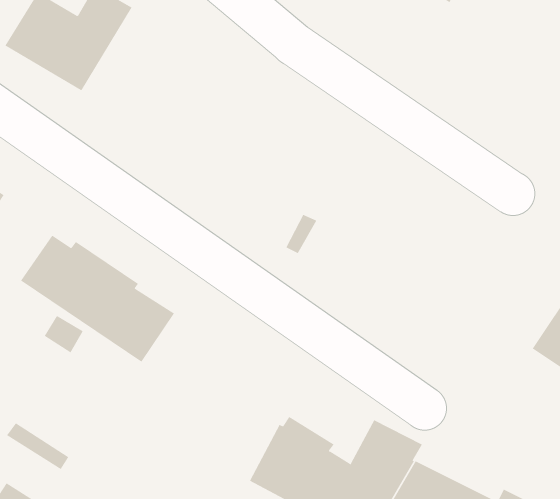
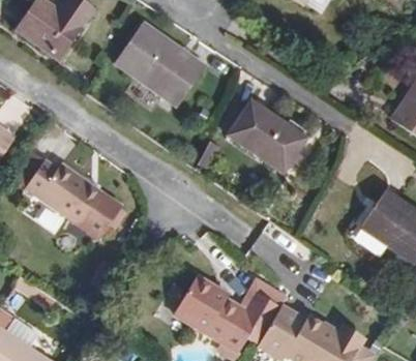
building: none -> [111,21,206,109]
building: none -> [227,97,307,172]

